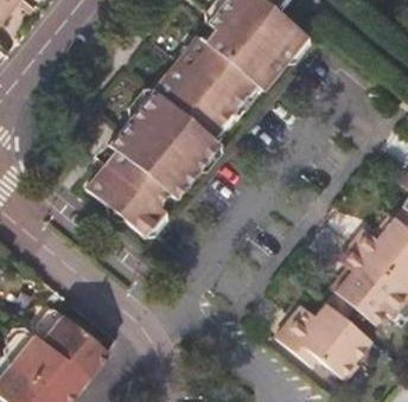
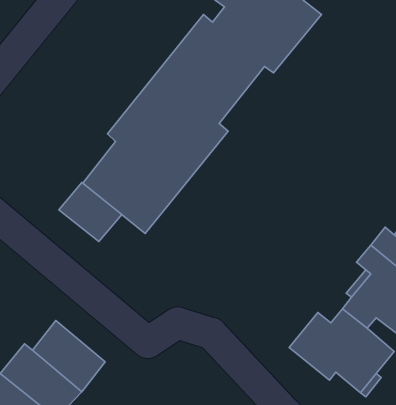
building: none -> [59,183,122,242]

